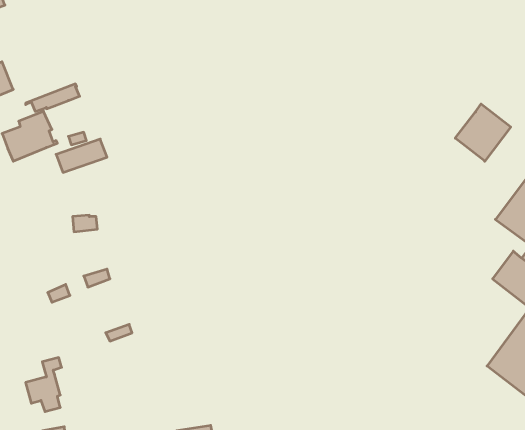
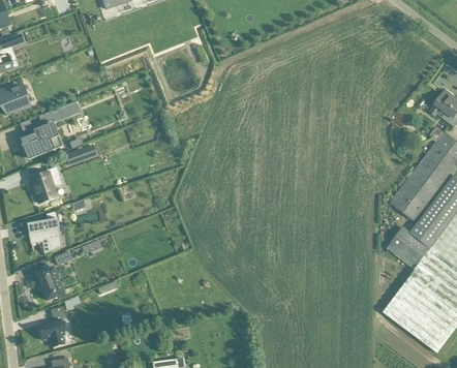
building: [455,104,511,161] -> none
building: none -> [30,168,61,204]
building: none -> [27,211,61,251]
building: none -> [36,267,64,300]

